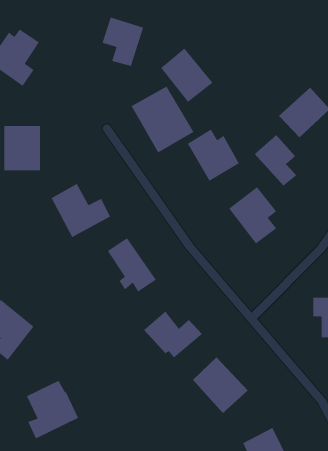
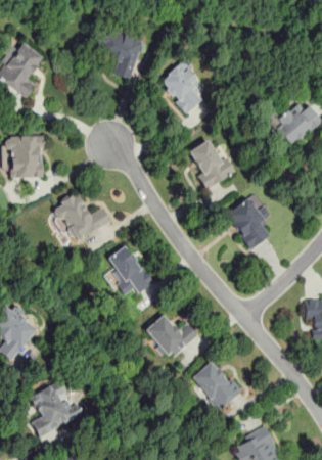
building: [131,86,194,154] -> none
building: [254,134,297,186] -> none

